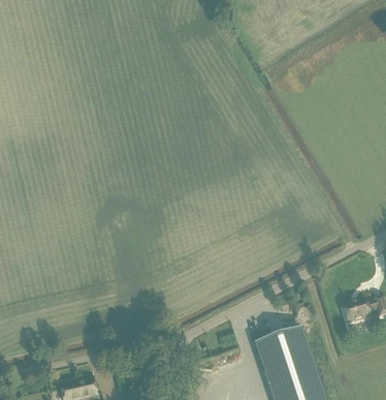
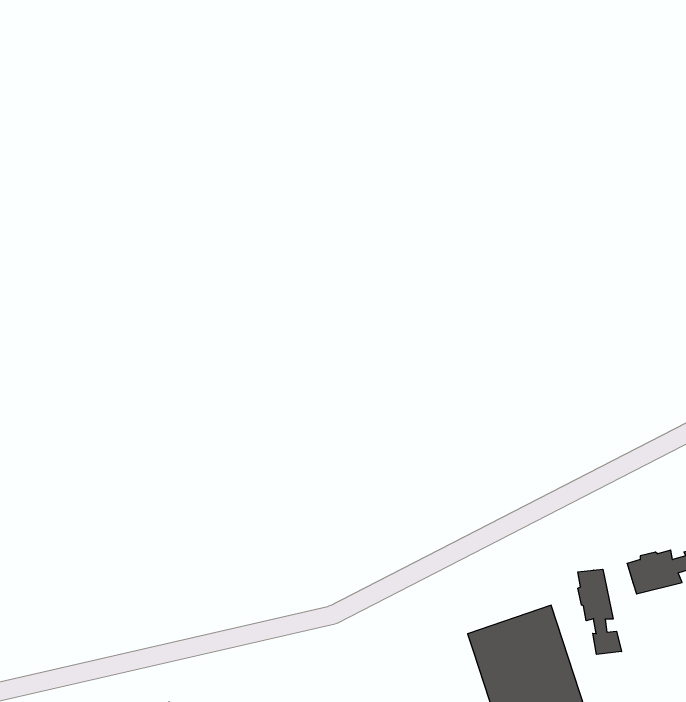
building: none -> [578,569,621,654]

